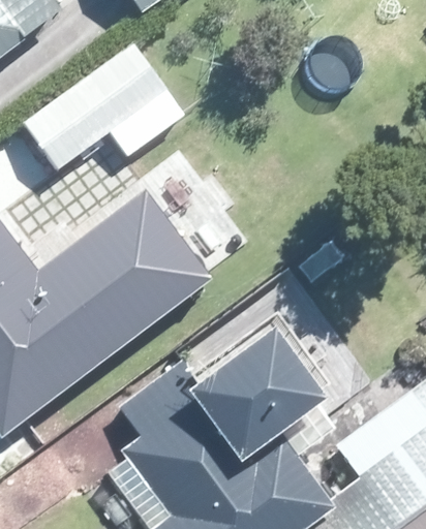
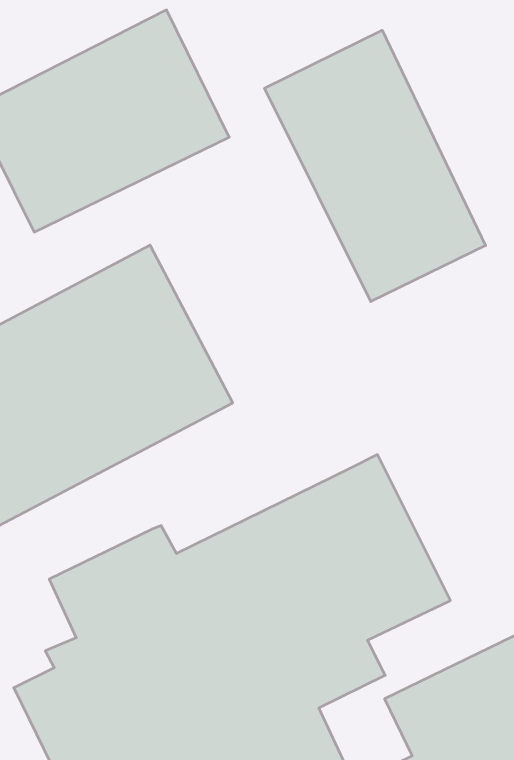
building: none -> [265,30,486,302]

